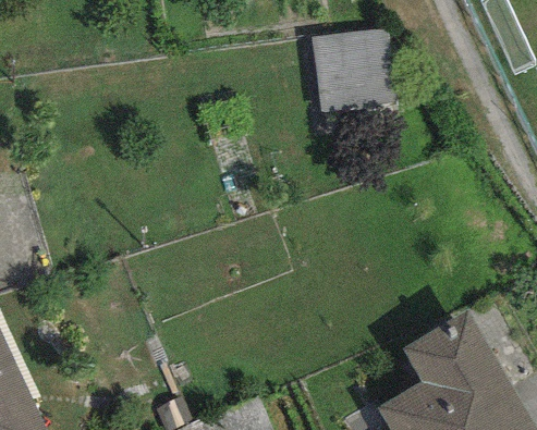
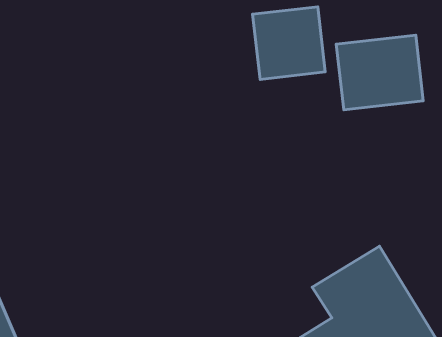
building: none -> [336,35,423,110]

